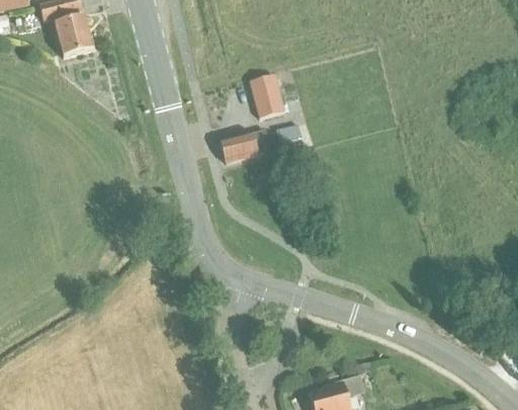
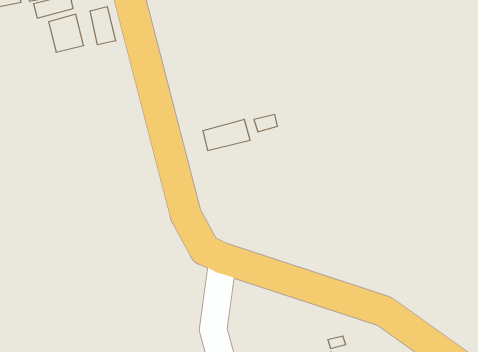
building: none -> [90,7,116,45]
building: [250,74,284,117] -> none

